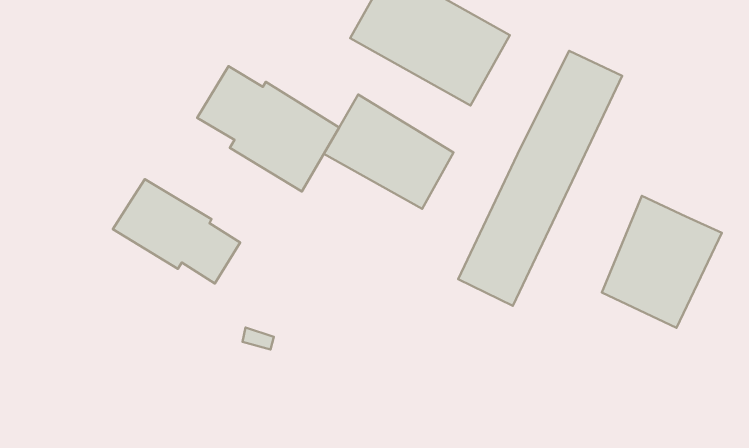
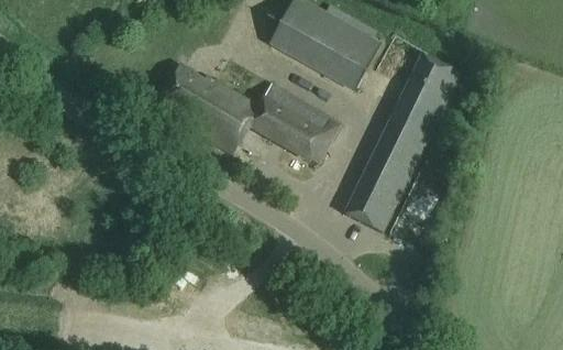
building: [113,179,240,283] -> none
building: [602,196,722,328] -> none

